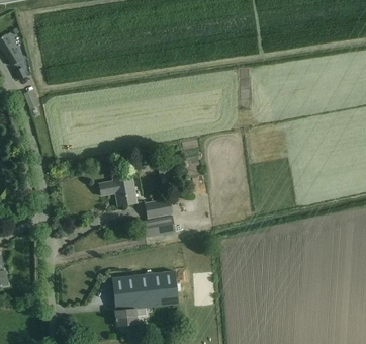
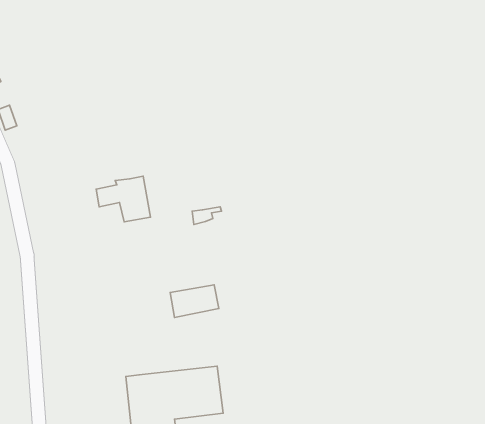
building: [99,175,136,206] -> [96,176,151,222]
building: [145,198,173,220] -> none

